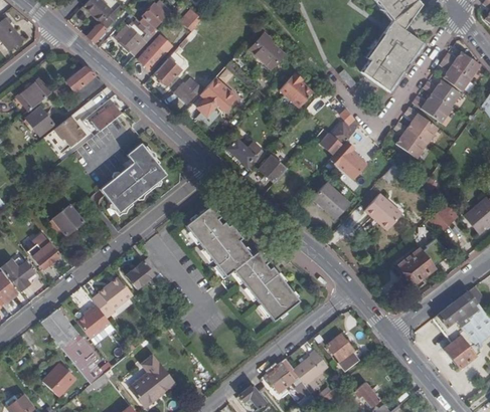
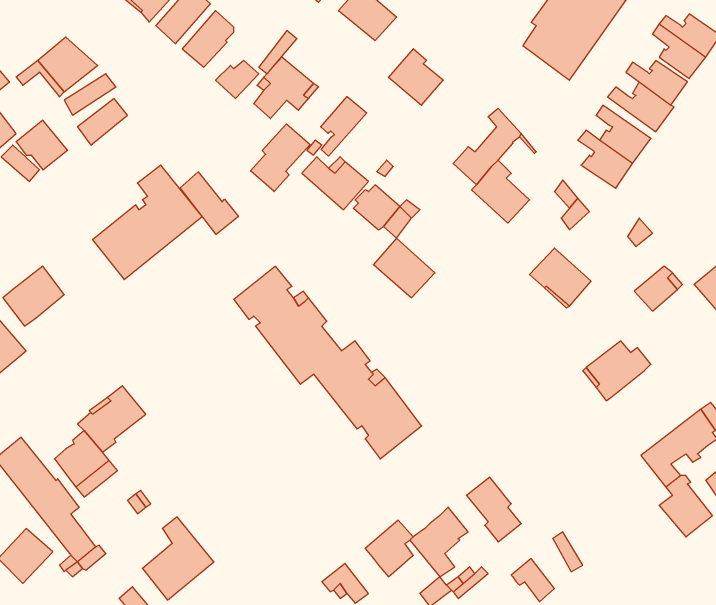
building: none -> [321,97,367,156]
building: none -> [251,124,310,192]
building: none -> [180,172,238,234]
building: [313,182,350,218] -> [373,238,435,298]
building: [126,256,165,287] -> none

